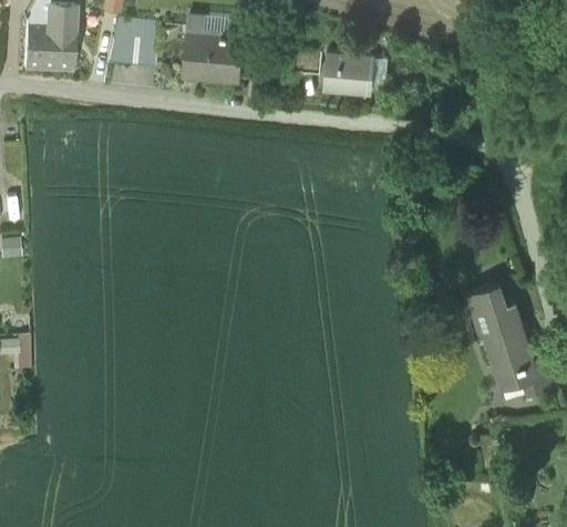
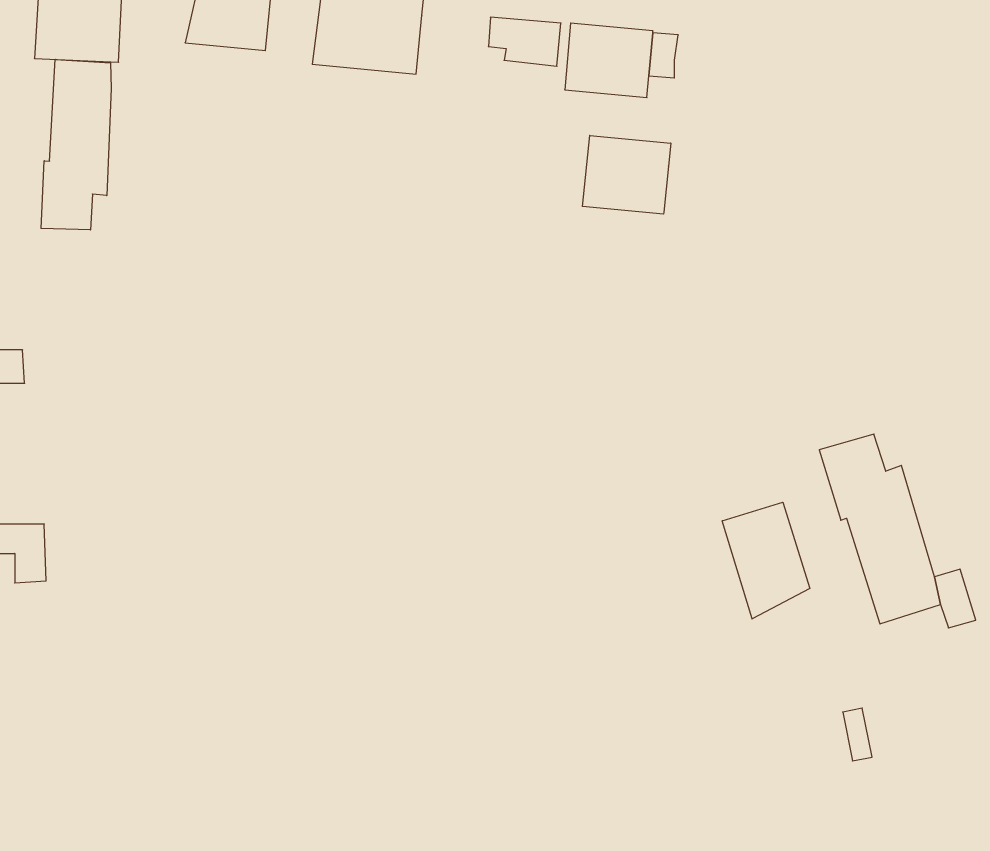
building: none -> [41,59,111,230]
building: none -> [582,135,671,214]
building: none -> [722,502,810,619]

